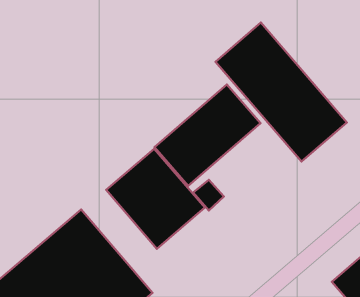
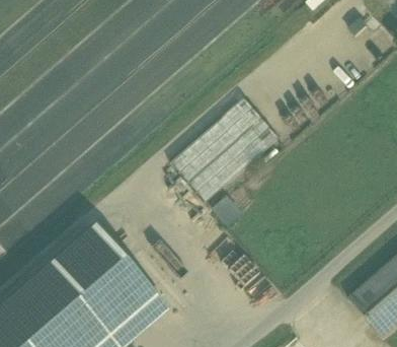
building: [215,23,347,162] -> none
building: [106,149,205,249] -> none

